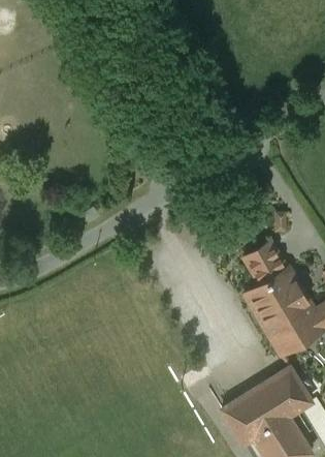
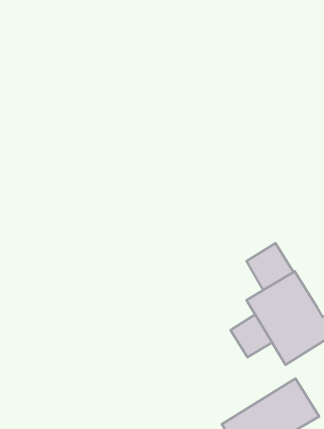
building: none -> [230,315,272,357]

